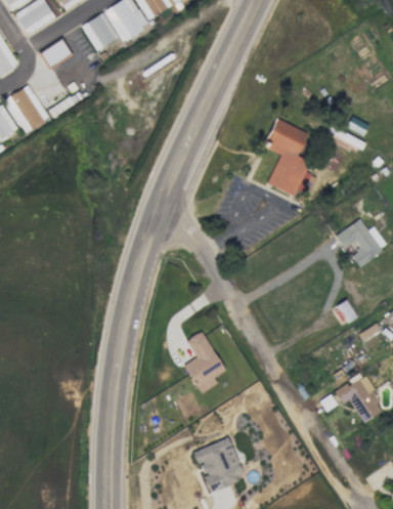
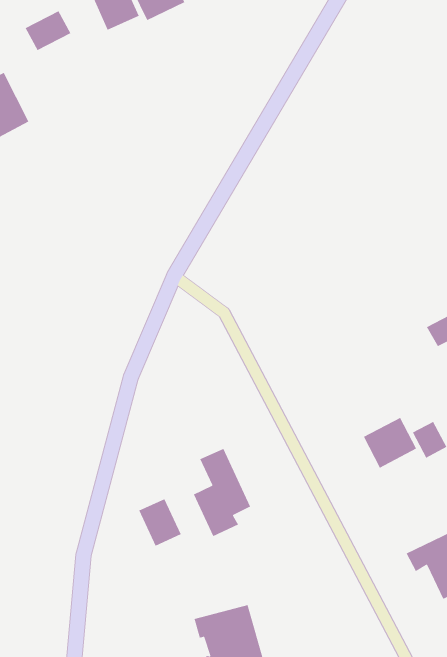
building: [263,118,310,198] -> none
building: none -> [363,417,417,469]
building: none -> [138,498,182,547]

